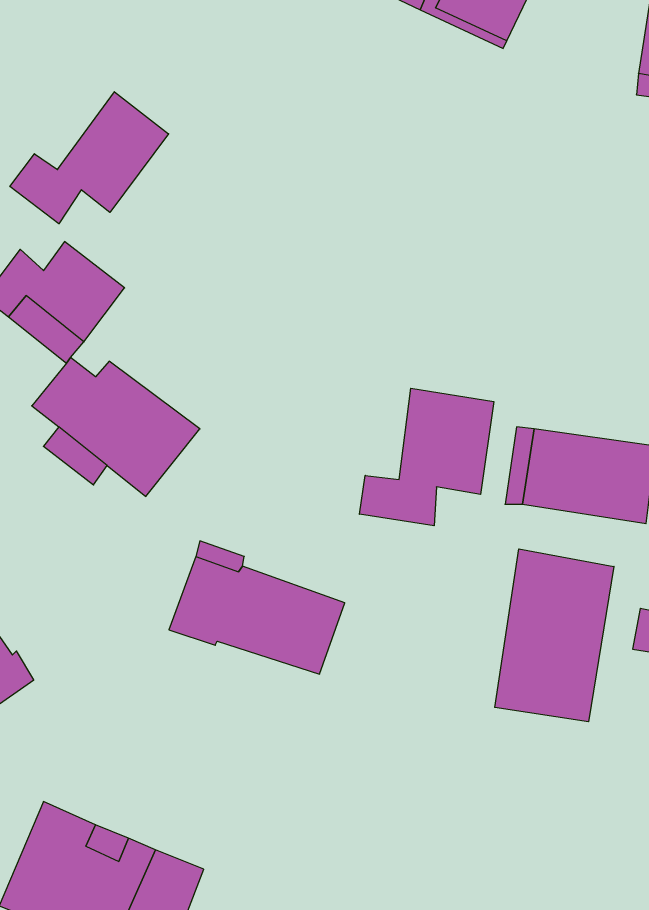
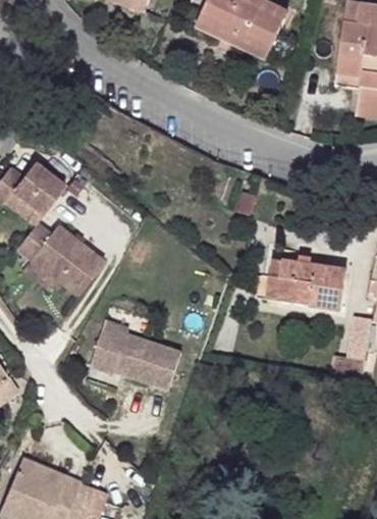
building: [10,92,169,224] -> none
building: [359,388,494,526] -> none
building: [495,549,614,722] -> none

